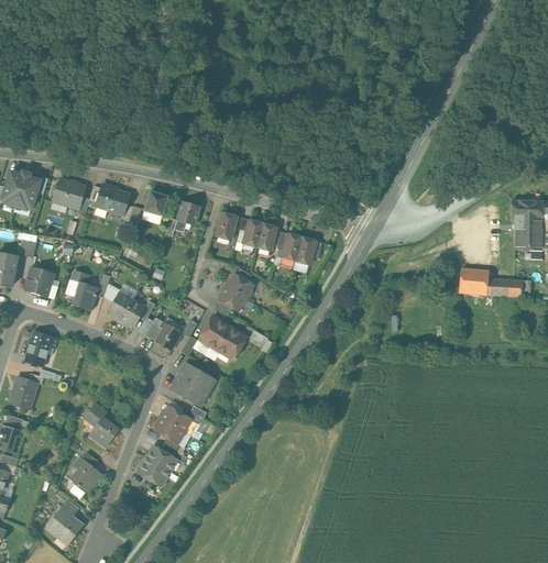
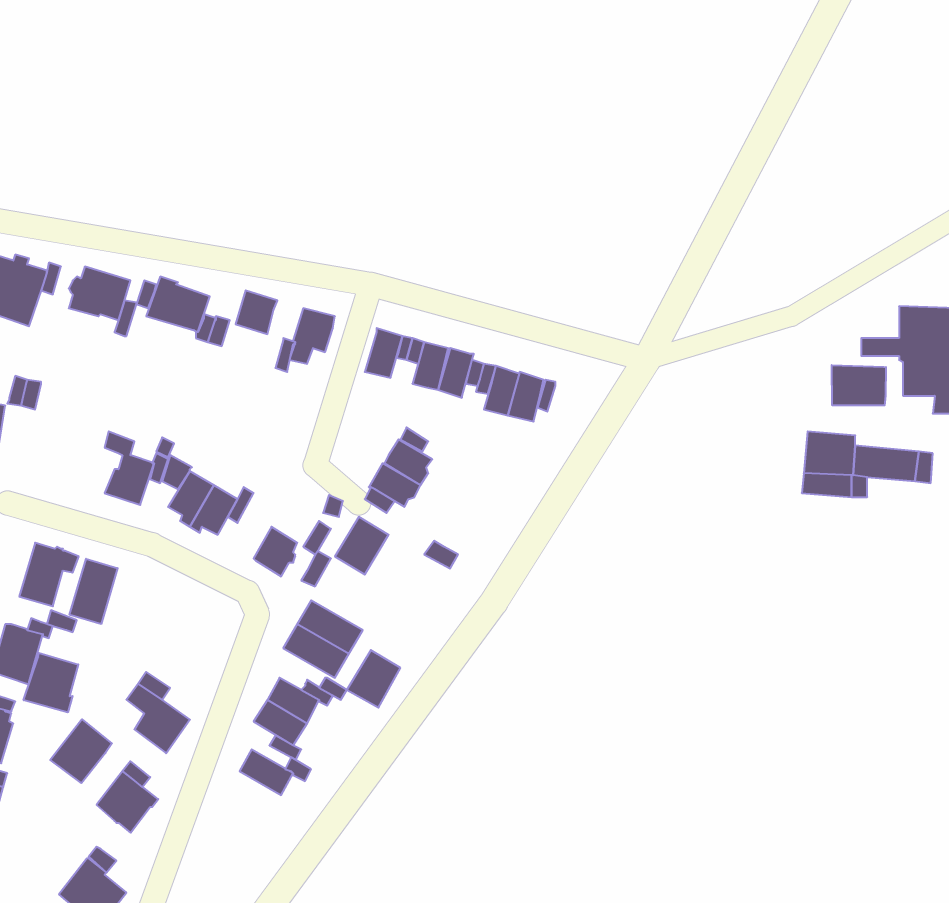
building: none -> [832,365,886,405]
building: [24,266,54,297] -> none
building: [216,327,245,358] -> [347,650,400,708]
building: none -> [70,559,118,624]
building: none -> [24,653,78,712]
building: none -> [50,719,112,783]
building: [138,457,169,485] -> none

